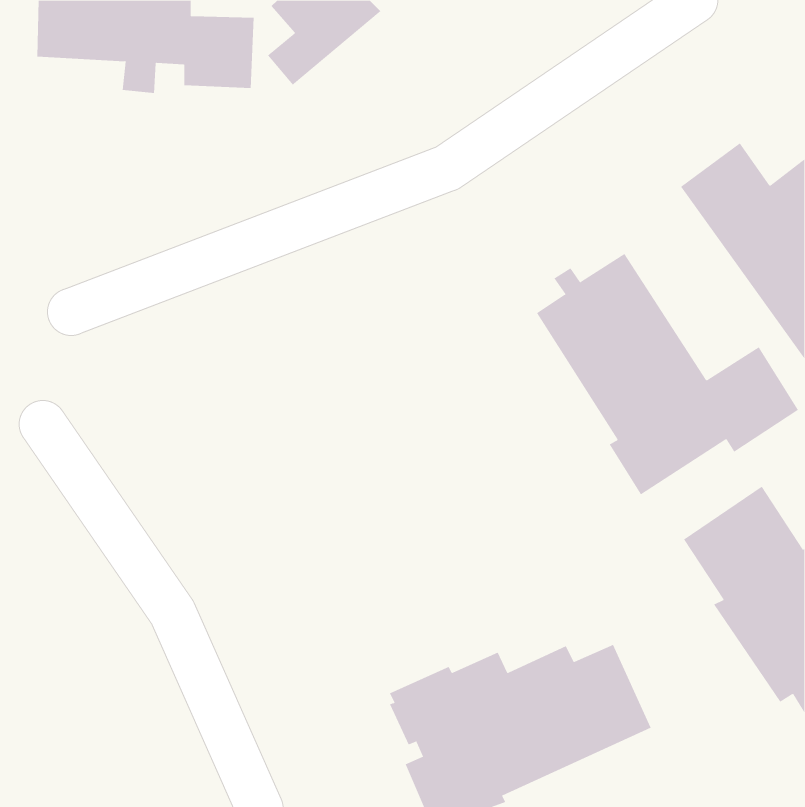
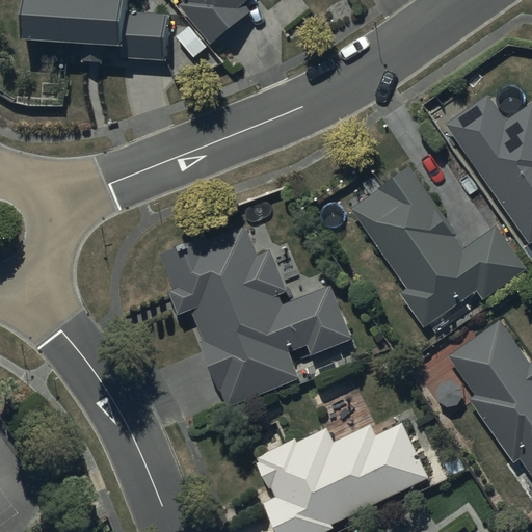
building: none -> [161,224,352,407]

